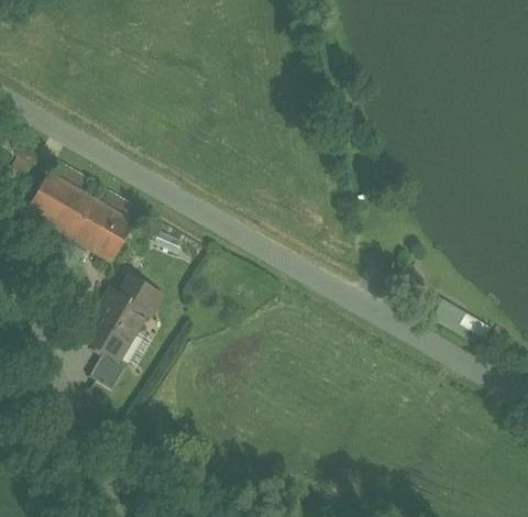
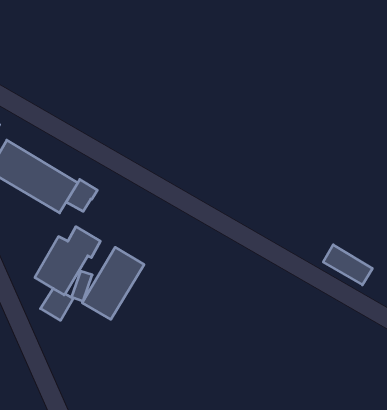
building: none -> [66,179,97,211]
building: none -> [82,247,144,319]

